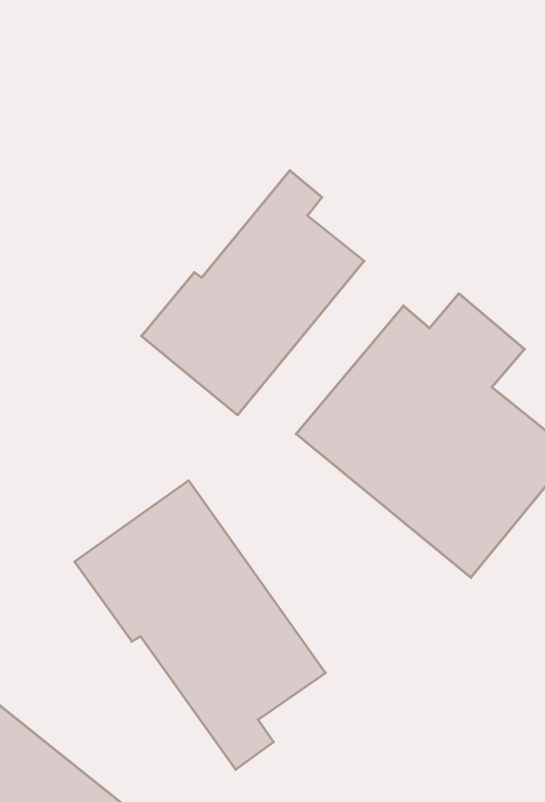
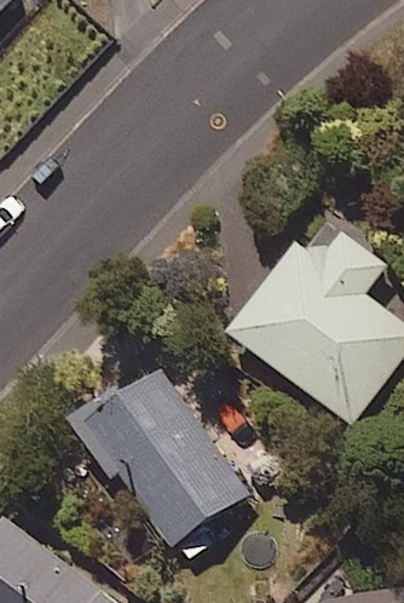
building: [141,170,364,415] -> none

